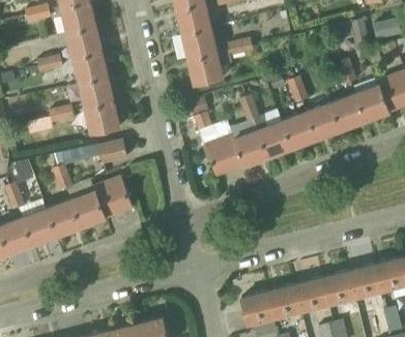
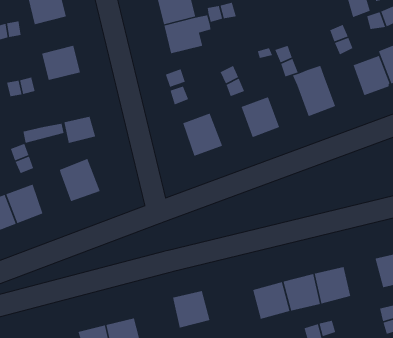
building: [73,51,108,83] -> none
building: [330,93,366,130] -> none
building: [85,100,120,133] -> none
building: [281,112,316,149] -> none
building: [229,130,266,166] -> none
building: [71,189,106,225] -> none
building: [348,265,382,299] -> none
building: [239,293,273,327] -> [172,290,211,329]

